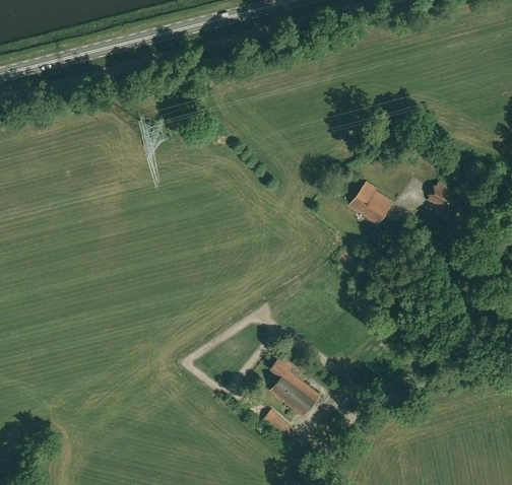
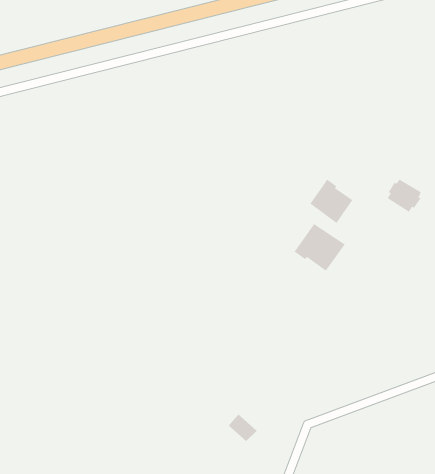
building: none -> [294,223,345,271]
building: [270,356,320,416] -> none

